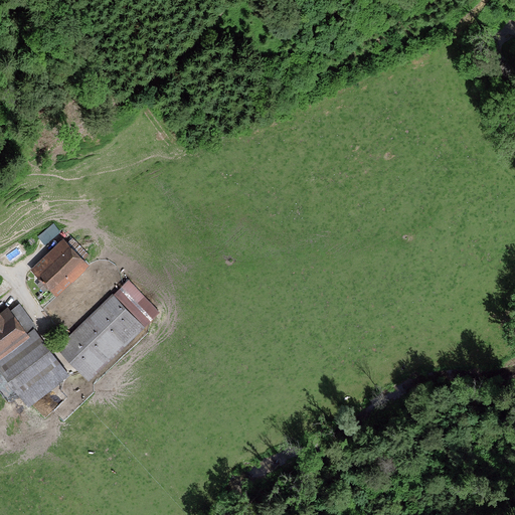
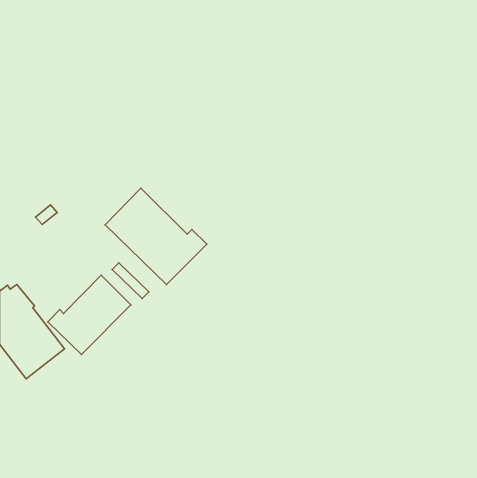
building: none -> [105,188,207,284]
building: [30,238,90,297] -> none

